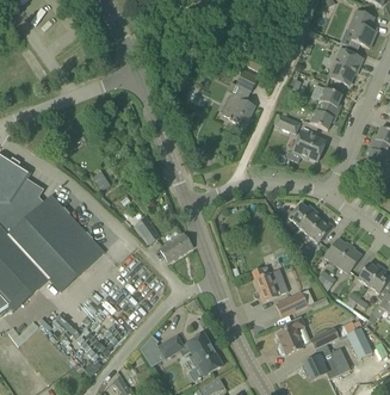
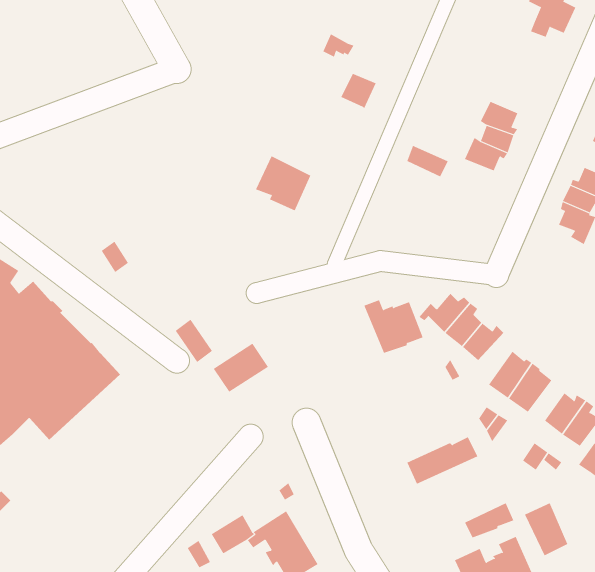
building: [328,48,361,84] -> none
building: [221,93,254,126] -> [255,155,311,211]
building: [286,130,326,162] -> none
building: [252,267,287,300] -> [364,300,424,353]
building: [276,316,304,354] -> none

